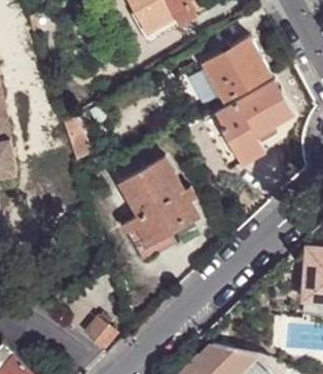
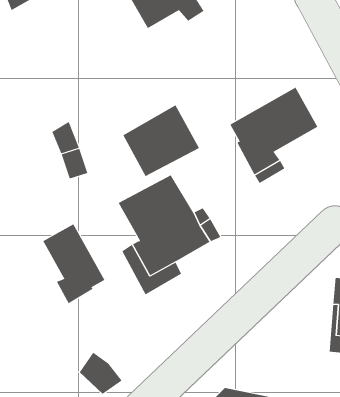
building: [205,39,272,102] -> [123,104,200,177]
building: none -> [43,223,105,304]

